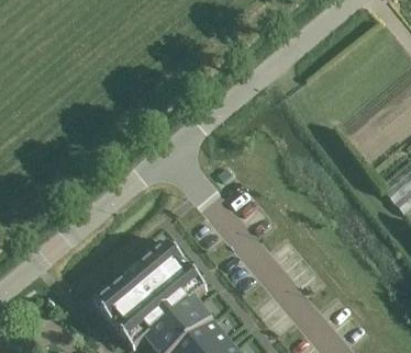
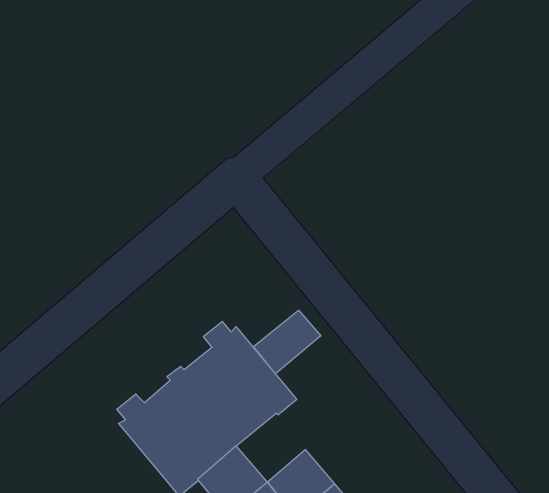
building: none -> [254,310,321,374]
building: [170,298,214,342] -> none

